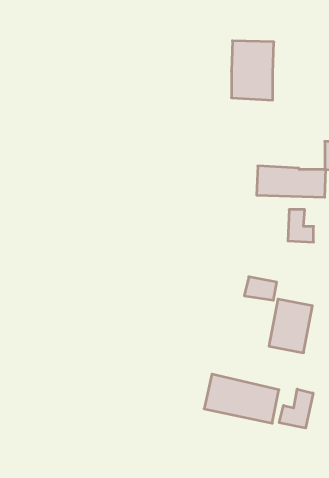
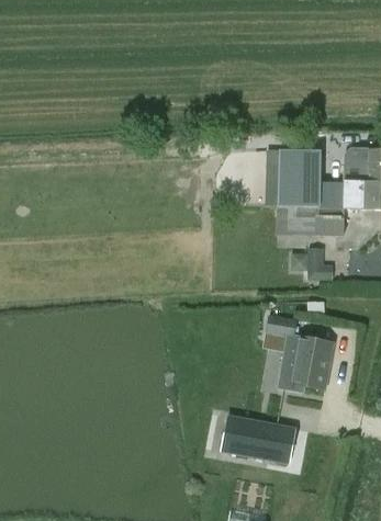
building: [231,41,274,100] -> [277,150,318,208]
building: [279,389,313,428] -> none

